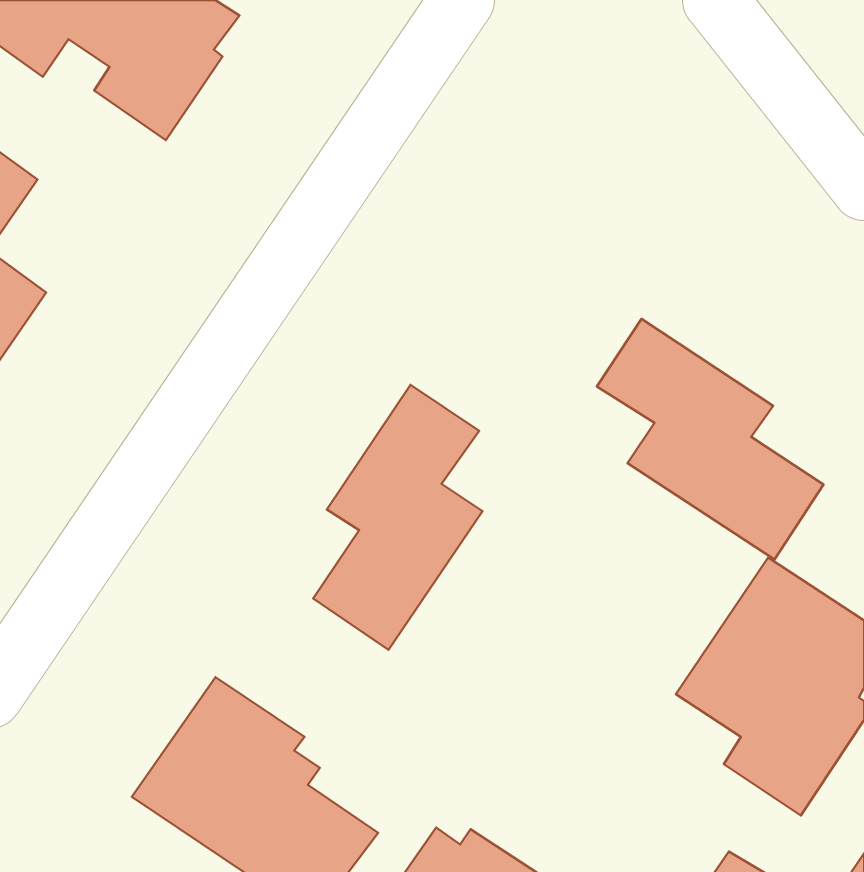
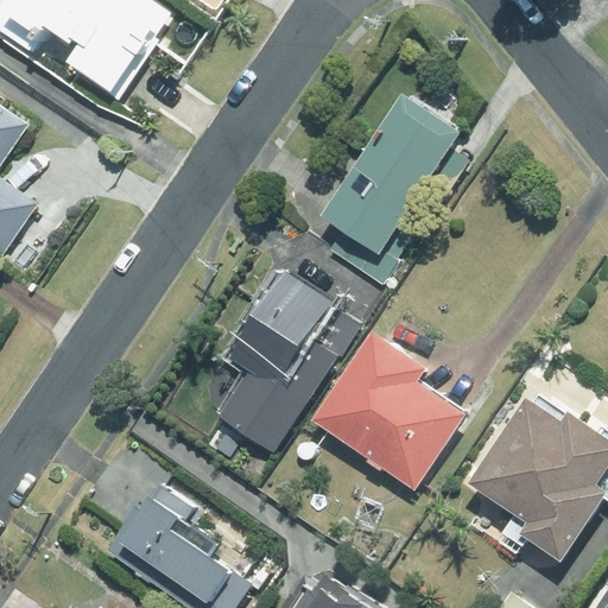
building: none -> [321,94,461,285]
building: [597,319,824,559] -> none
building: none -> [311,331,466,490]

